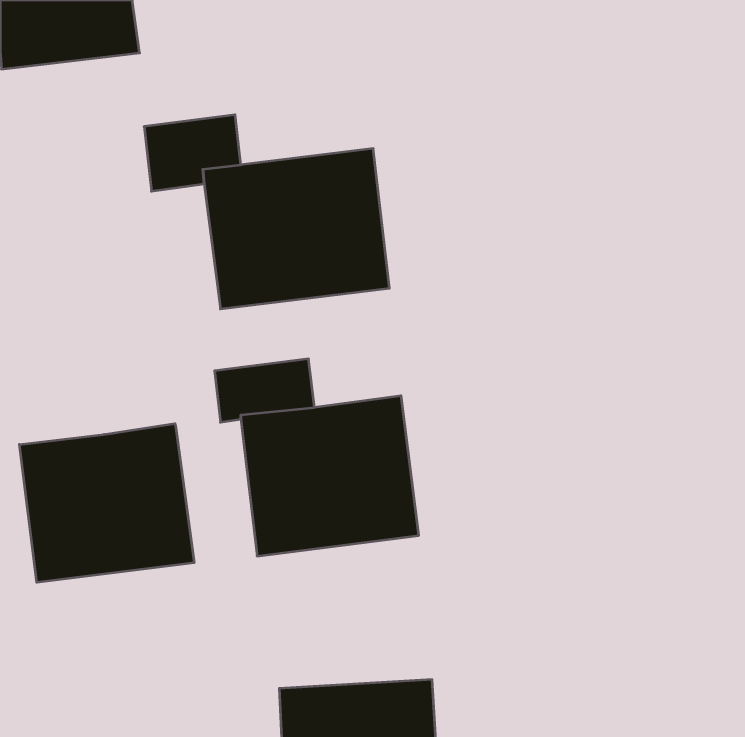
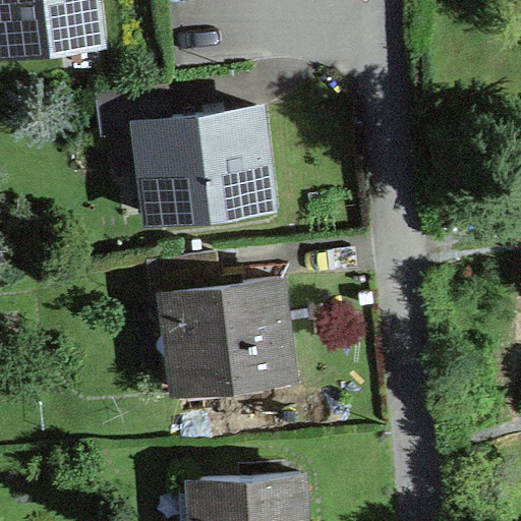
building: [19,424,194,582] -> none

